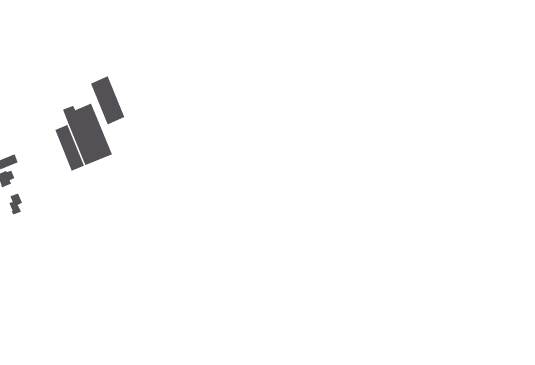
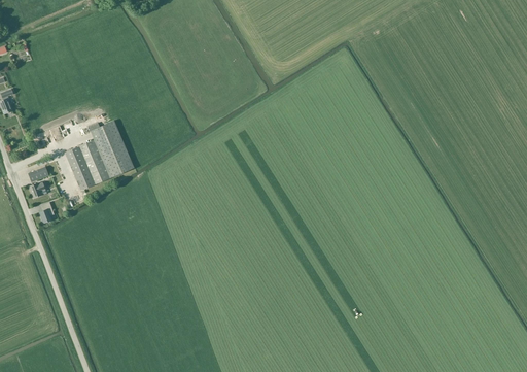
building: [90,76,125,125] -> [64,145,96,191]

